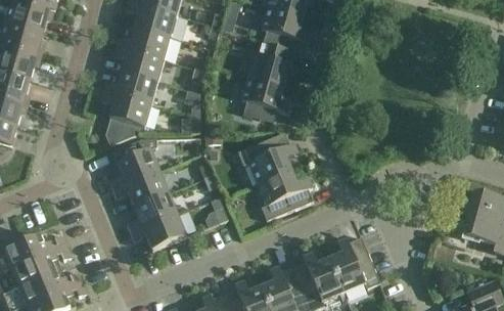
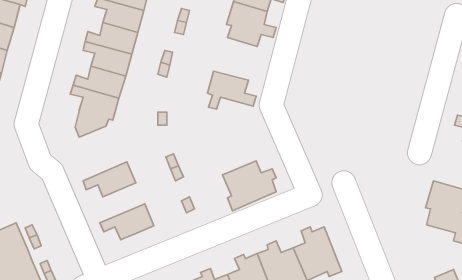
building: [247,43,302,87] -> none
building: [237,133,297,184] -> none
building: [109,139,158,190] -> none
building: [127,192,177,233] -> none

